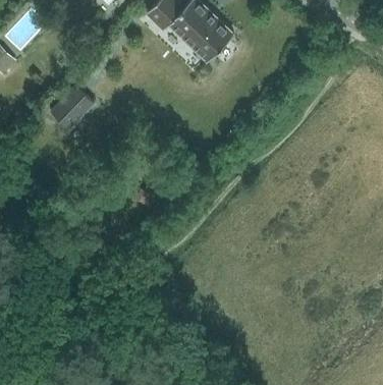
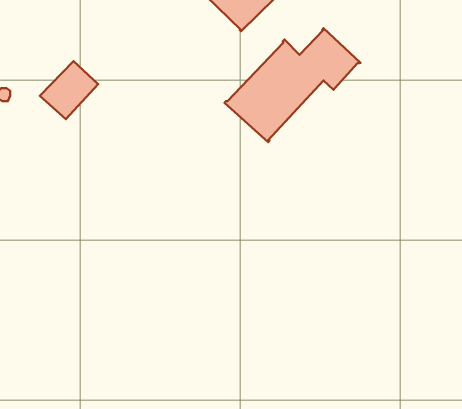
building: none -> [224,28,361,142]

